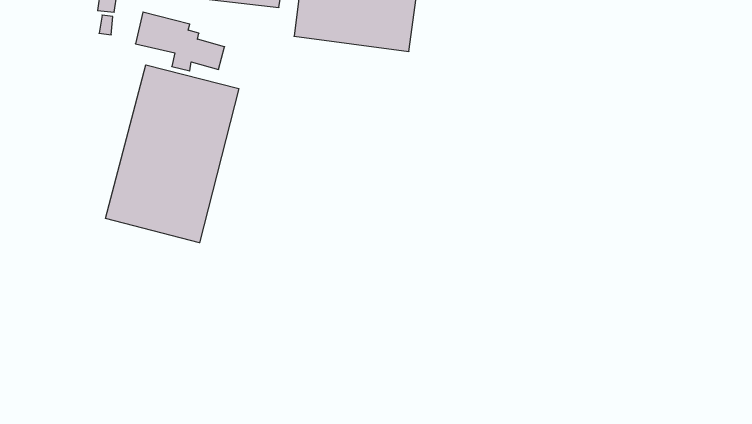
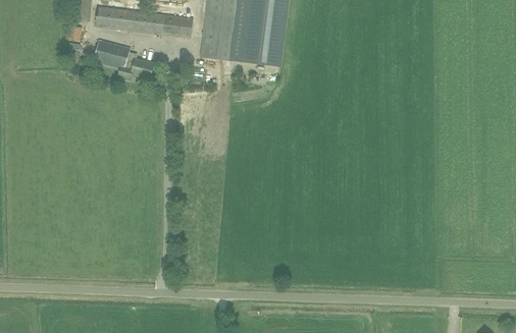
building: [106,65,239,243] -> none

